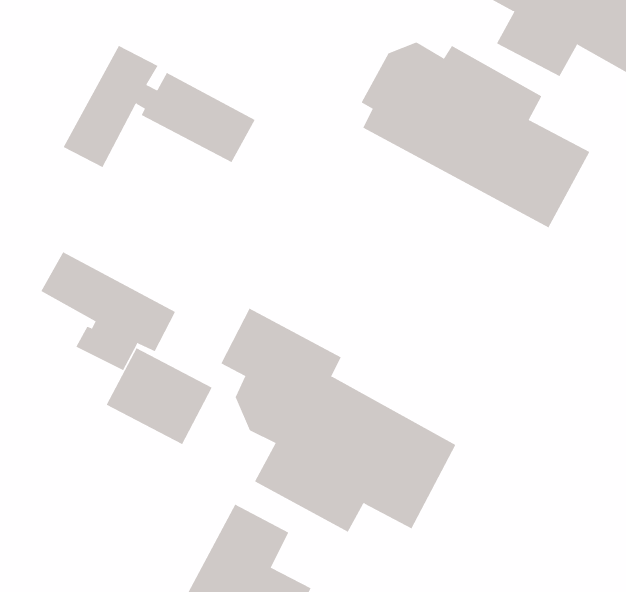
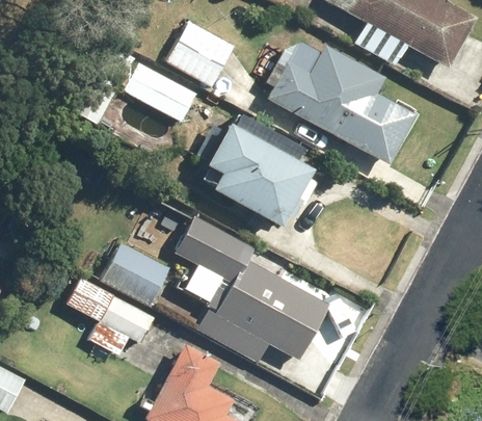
building: none -> [166,21,235,86]
building: none -> [197,114,318,227]
building: [41,251,176,371] -> [66,278,155,356]

